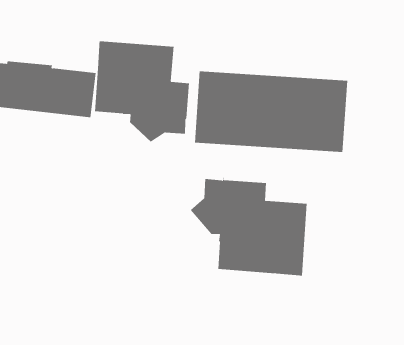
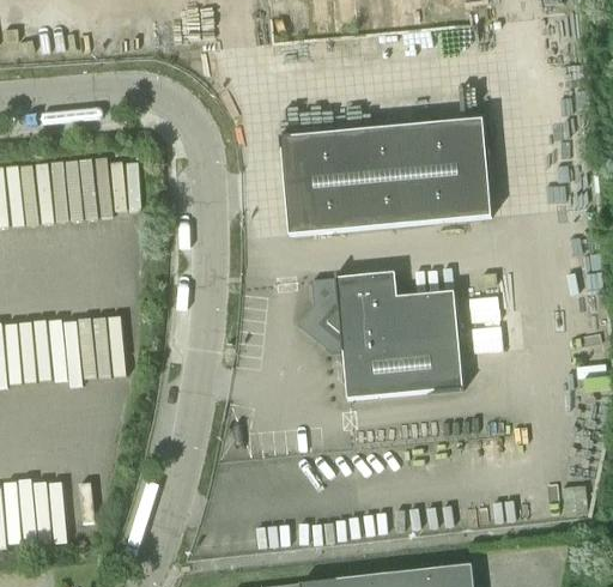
building: [94,40,190,143] -> none

